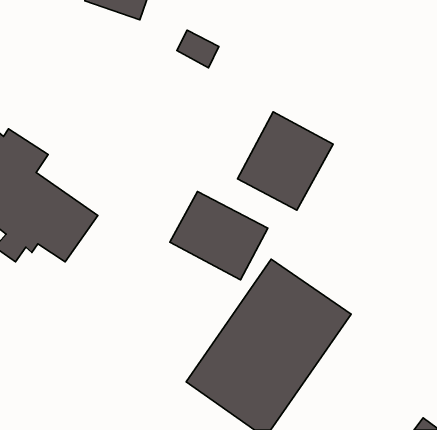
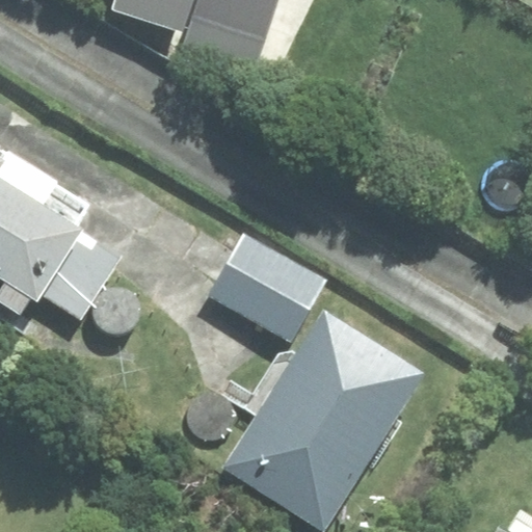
building: [237,112,333,210] -> none

